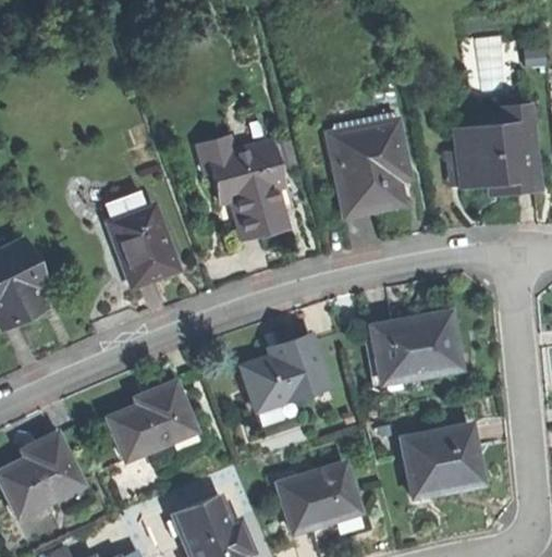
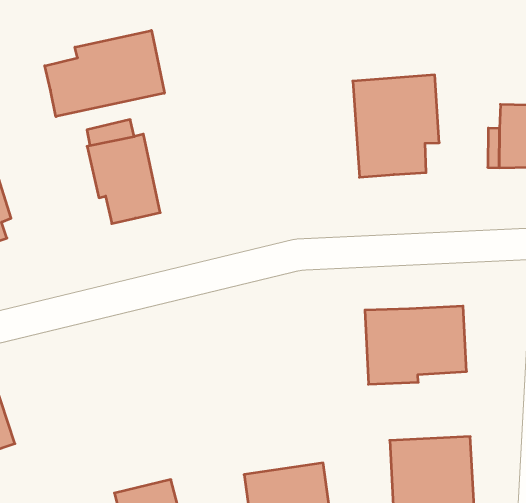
building: none -> [45,30,164,117]
building: [211,140,287,237] -> none
building: [243,333,330,409] -> none
building: [109,380,195,457] -> none

